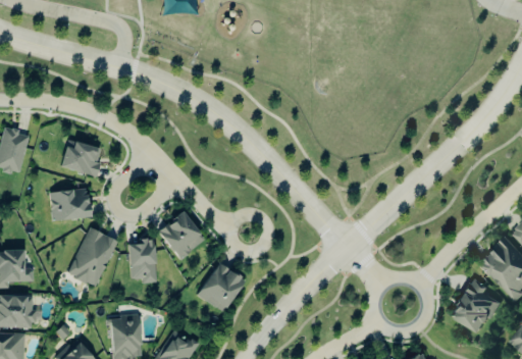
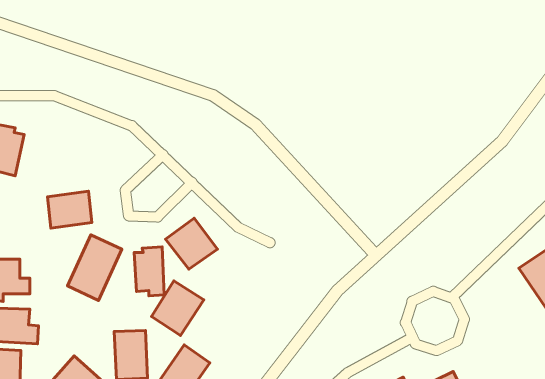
building: [60,140,100,176] -> none
building: [197,262,245,312] -> [152,281,204,335]
building: [451,277,500,332] -> none

